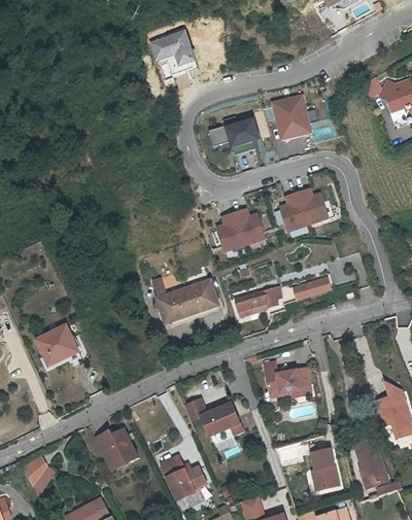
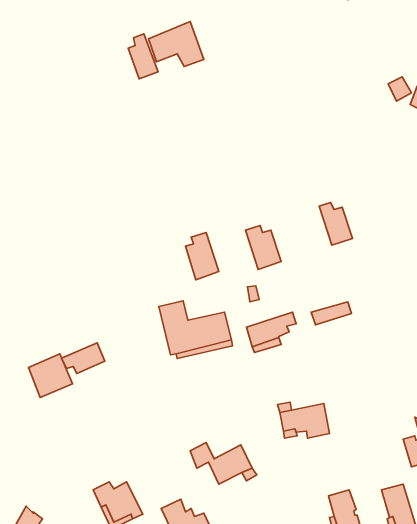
building: none -> [128,34,158,79]
building: [271,94,313,142] -> none
building: [224,117,261,149] -> none
building: [279,190,311,234] -> none
building: [215,212,245,254] -> [185,232,219,280]
building: none -> [62,343,105,373]

